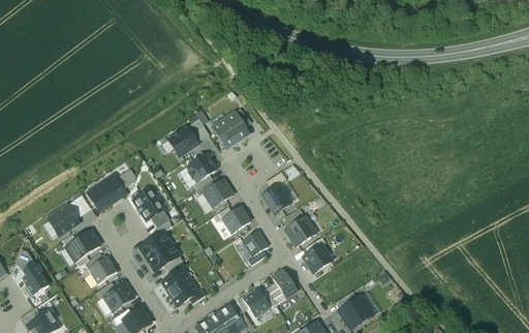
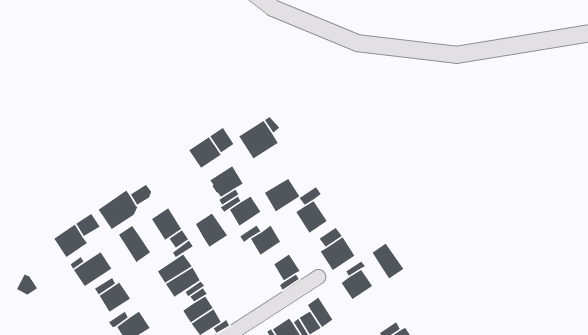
building: none -> [264,178,300,213]
building: none -> [195,212,228,248]
building: none -> [118,225,151,263]
building: none -> [372,243,405,280]
building: [22,263,49,298] -> none

